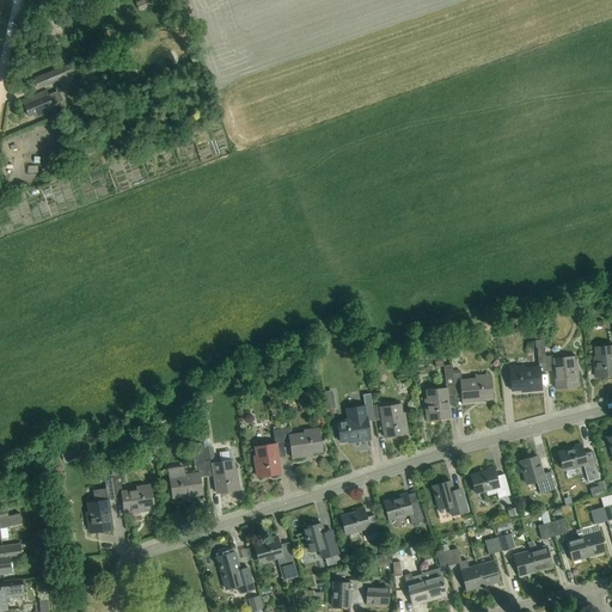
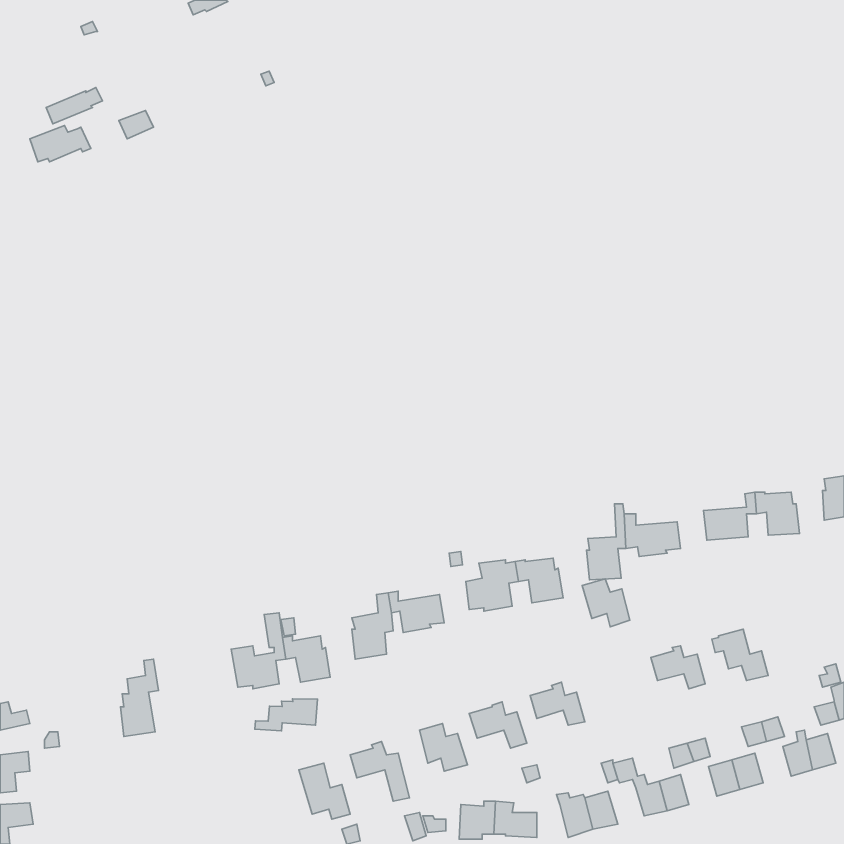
building: [558,443,600,482] -> none
building: [111,476,153,514] -> none
building: [433,481,467,515] -> [582,579,630,627]
building: none -> [255,699,318,731]

